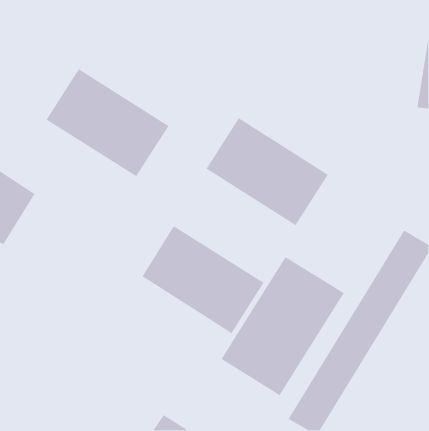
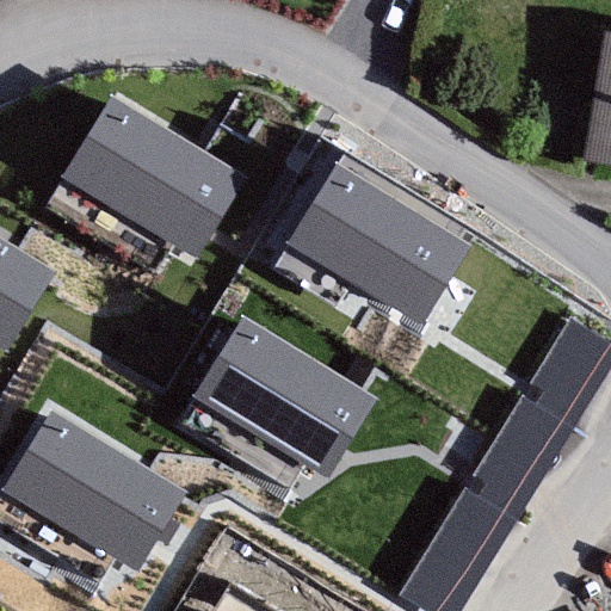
building: [220,256,345,396] -> none
building: none -> [5,415,179,569]

